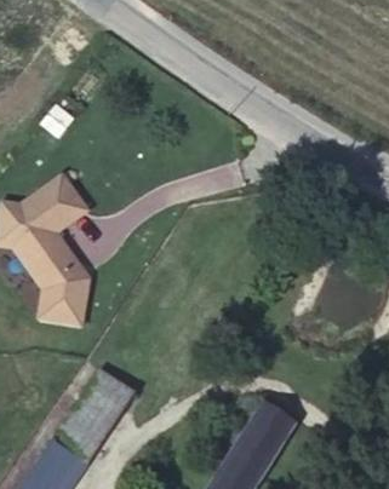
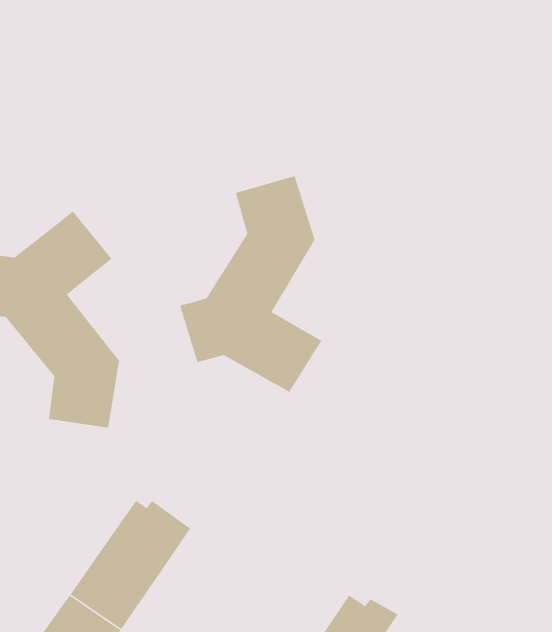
building: none -> [179,175,323,393]
building: [244,401,296,449] -> none

